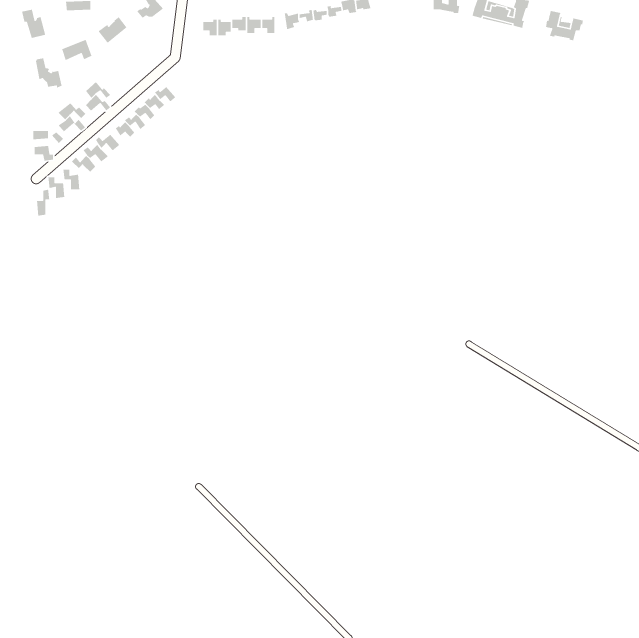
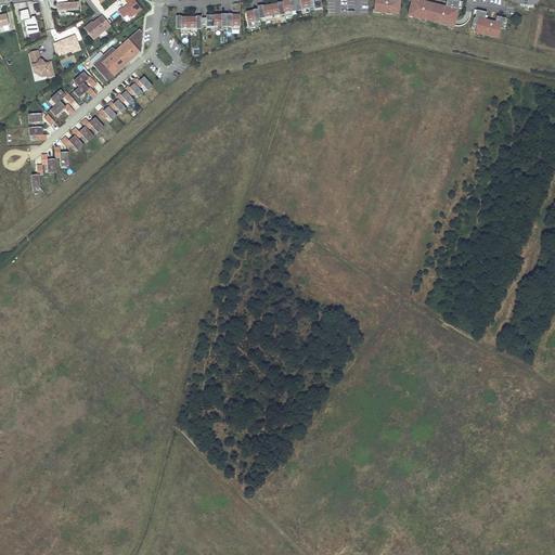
building: none -> [92,27,143,80]

